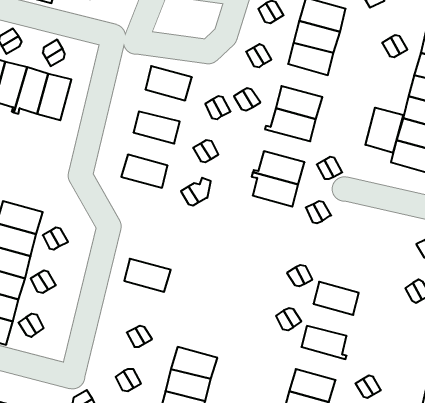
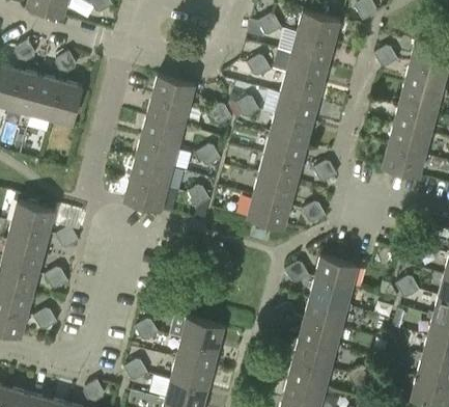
building: none -> [280,73,324,104]
building: none -> [146,97,190,127]
building: [365,108,403,153] -> none
building: none -> [263,134,307,165]
building: none -> [136,137,179,168]
building: none -> [247,196,290,227]
building: [124,259,171,292] -> [124,179,168,210]
building: none -> [315,256,359,288]
building: none -> [304,298,347,328]
building: none -> [183,318,225,349]
building: none -> [293,338,340,370]

